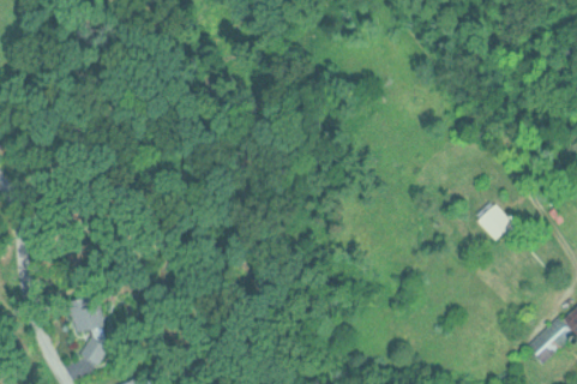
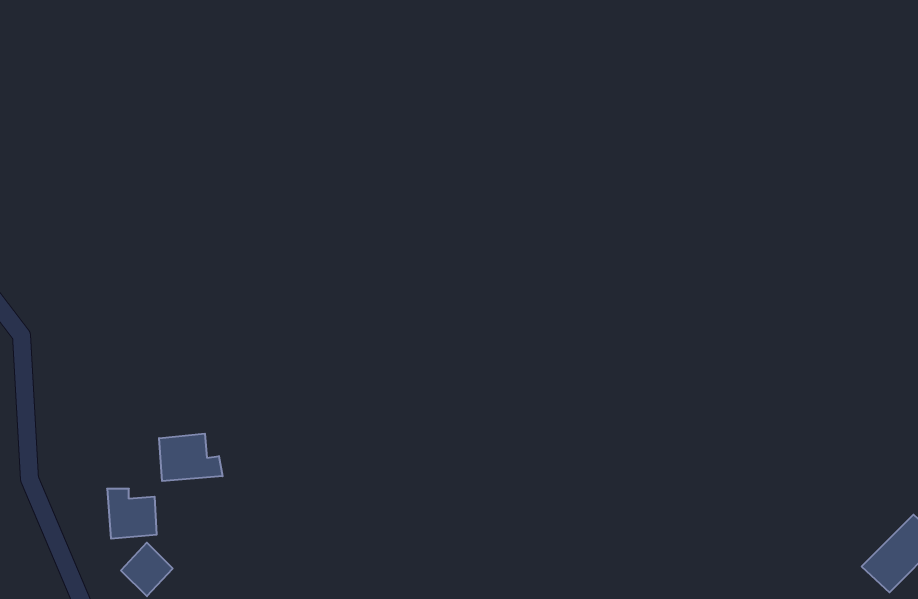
building: [481,205,515,239] -> none
building: none -> [159,434,223,481]

